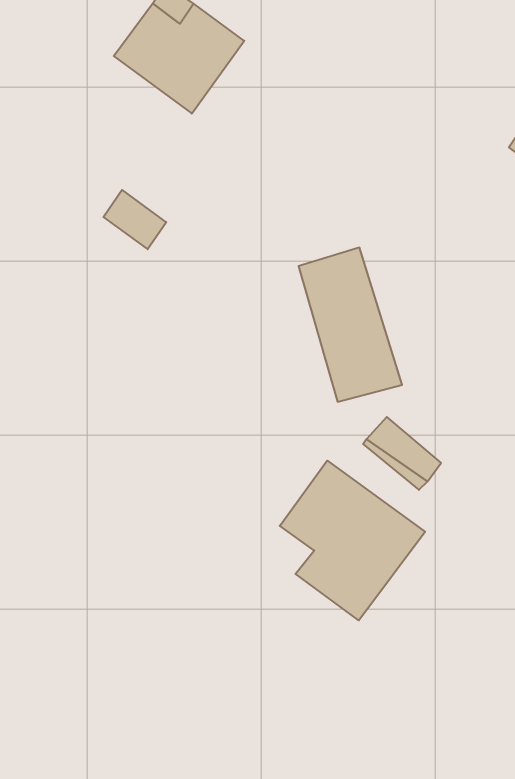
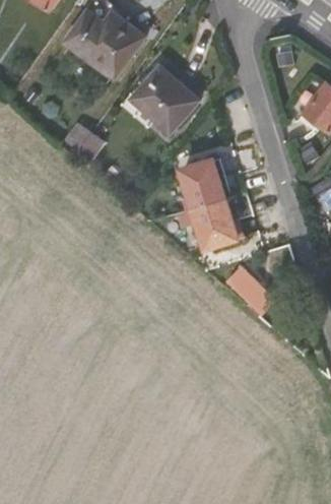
building: none -> [132,69,199,136]
building: [280,461,425,620] -> none

